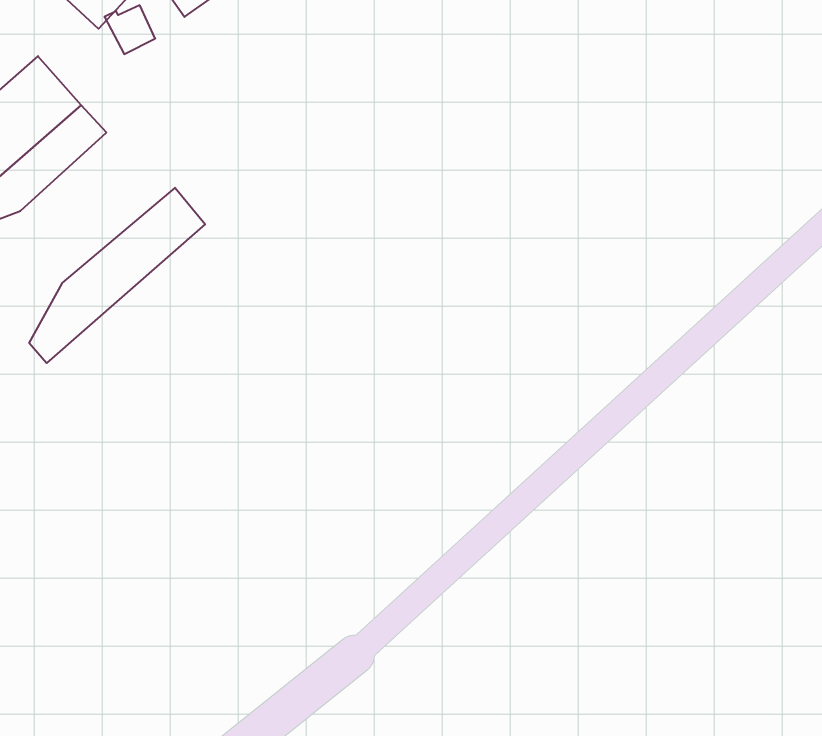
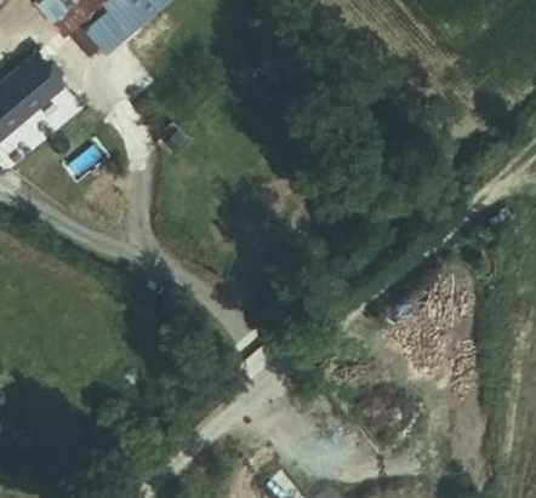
building: [29,188,205,363] -> none

